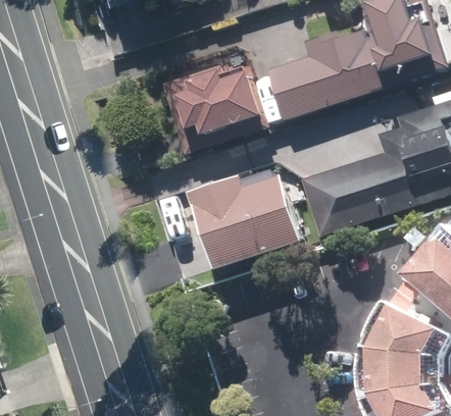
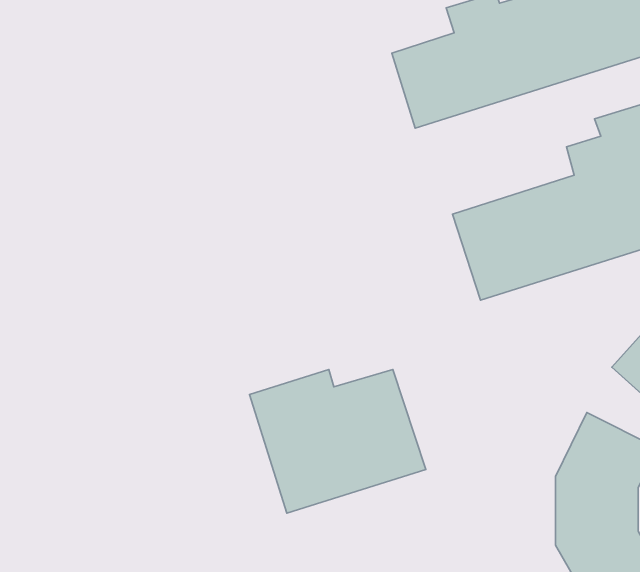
building: [156,65,262,154] -> none
building: [177,178,292,272] -> [249,369,426,513]

